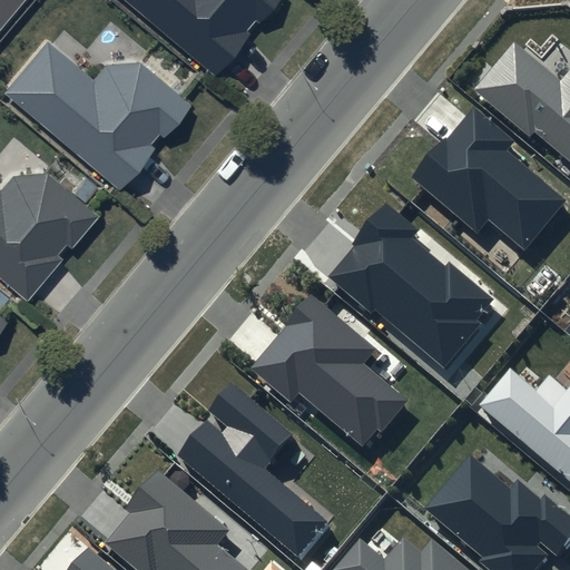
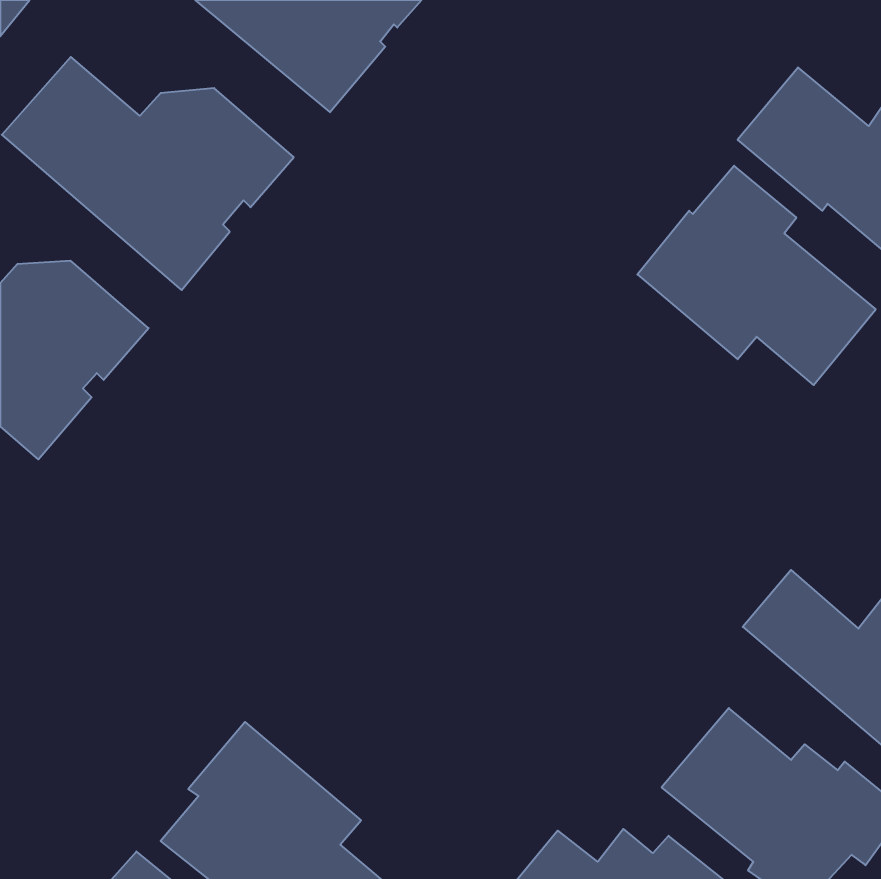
building: [331,204,499,366] -> none
building: [249,294,410,446] -> none
building: [177,385,333,563] -> none

